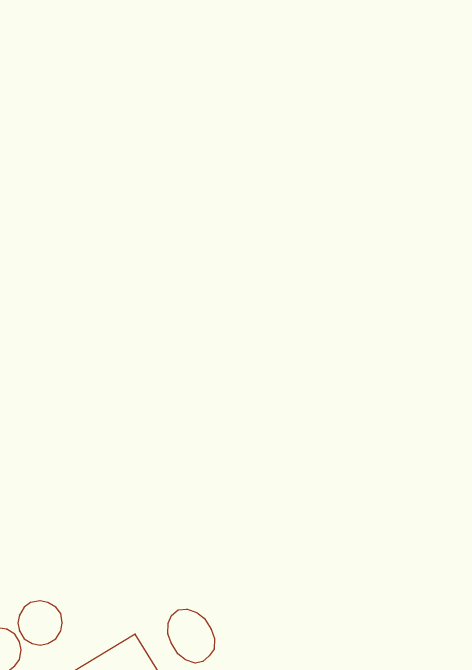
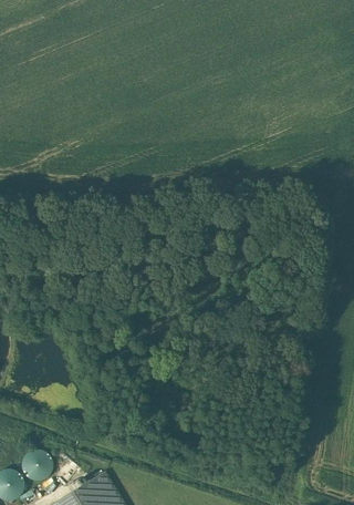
building: [168,609,215,663] -> none

